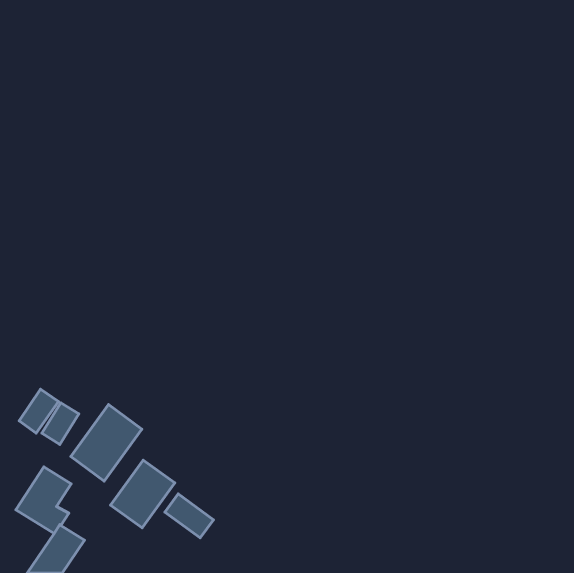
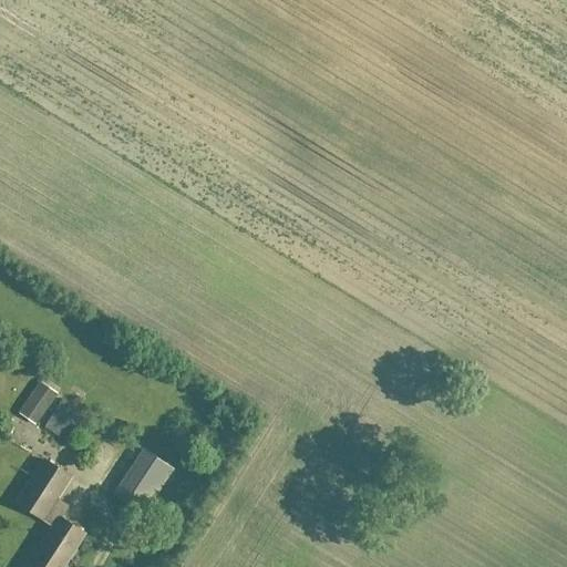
building: [71,405,142,481] -> none
building: [165,494,214,538] -> none

